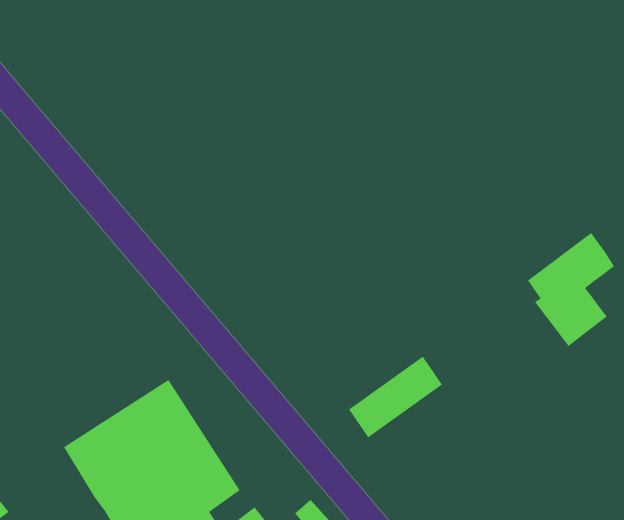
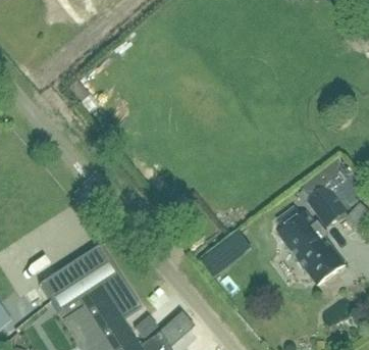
building: none -> [278,210,346,284]

